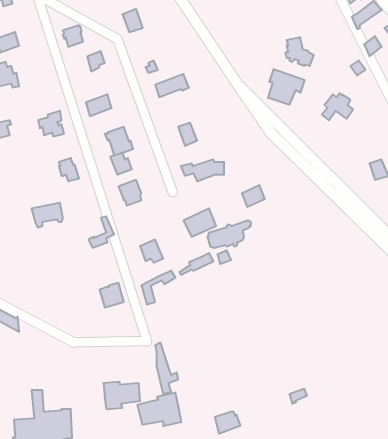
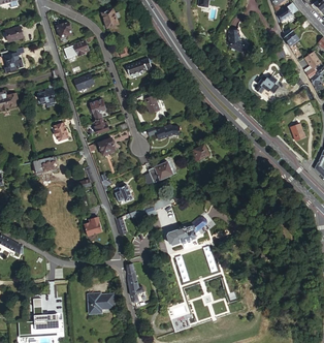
building: [268,69,305,105] -> none
building: [207,221,251,248] -> [167,224,200,245]
building: [138,392,181,426] -> none

